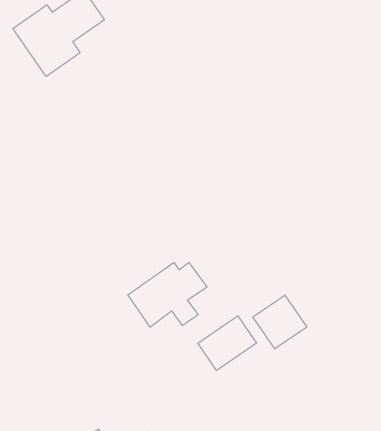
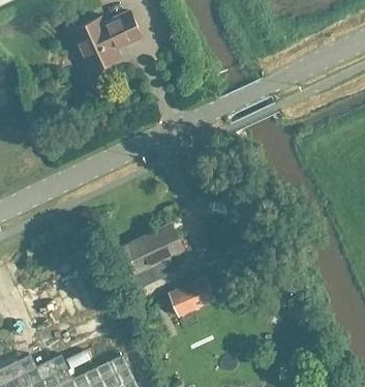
building: [253,295,307,349] -> none

